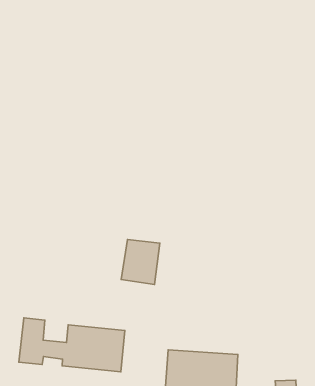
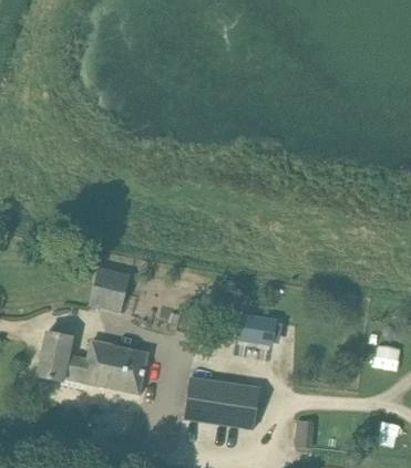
building: [121,239,160,284] -> [88,266,130,313]
building: none -> [238,312,279,343]

